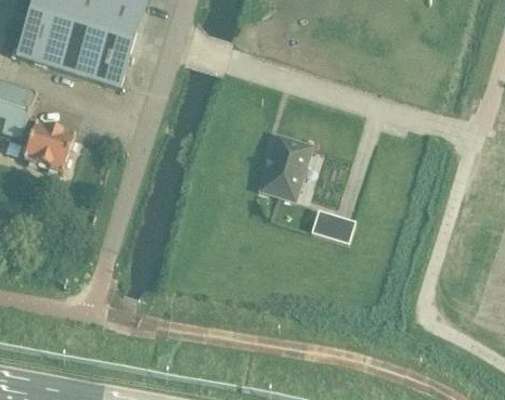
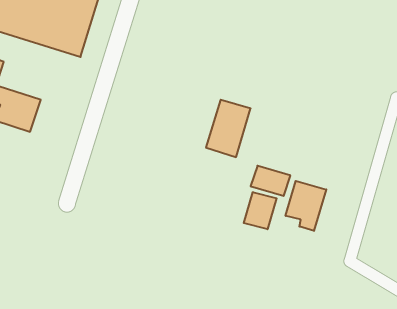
building: none -> [286,181,326,231]
building: none -> [244,192,277,229]

